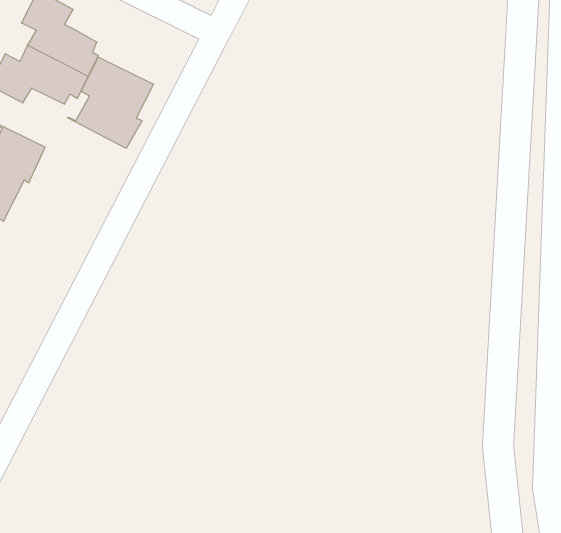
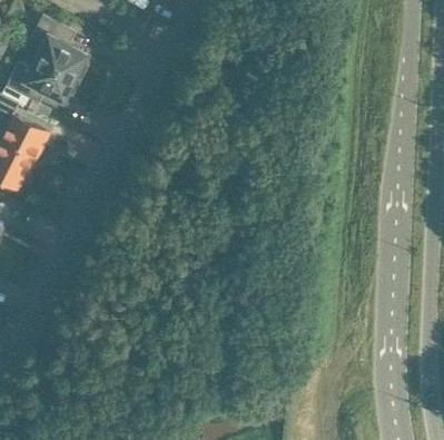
building: [67,57,154,148] -> none

